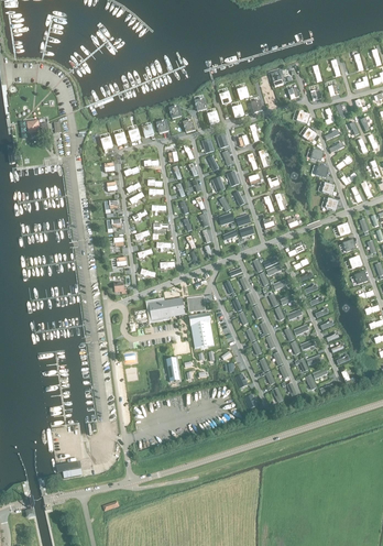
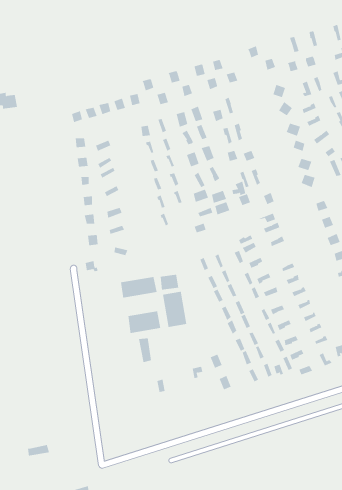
building: none -> [128,310,161,334]

